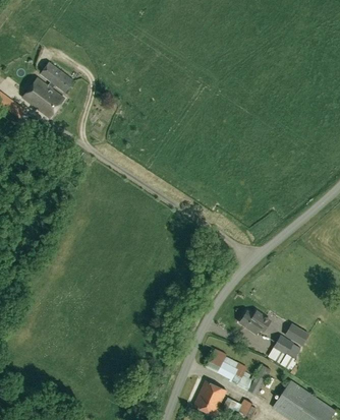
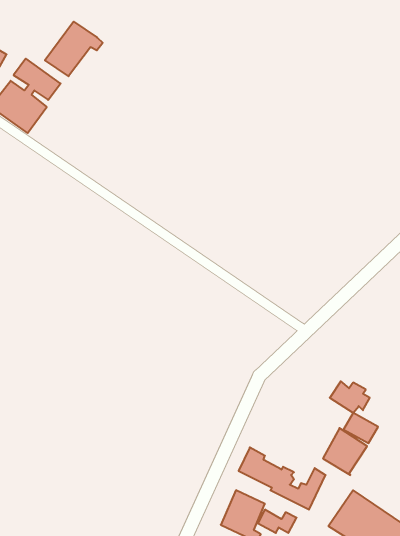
building: none -> [45,22,103,76]
building: [238,310,268,334] -> [330,381,370,413]

